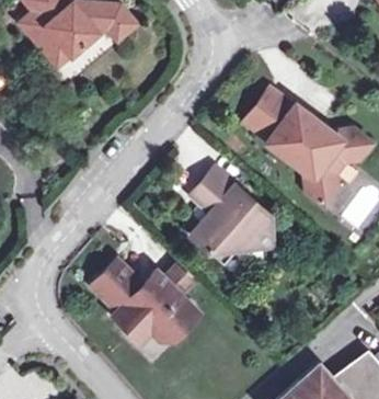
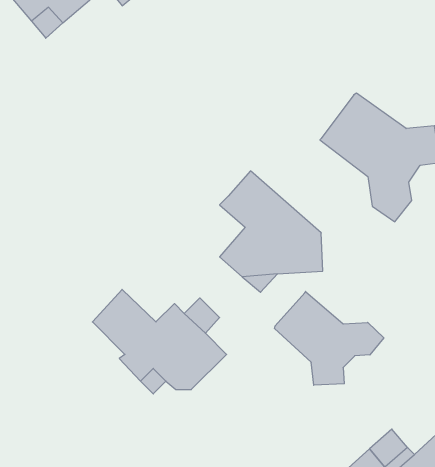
building: [245,89,294,141] -> none
building: none -> [275,291,384,385]

